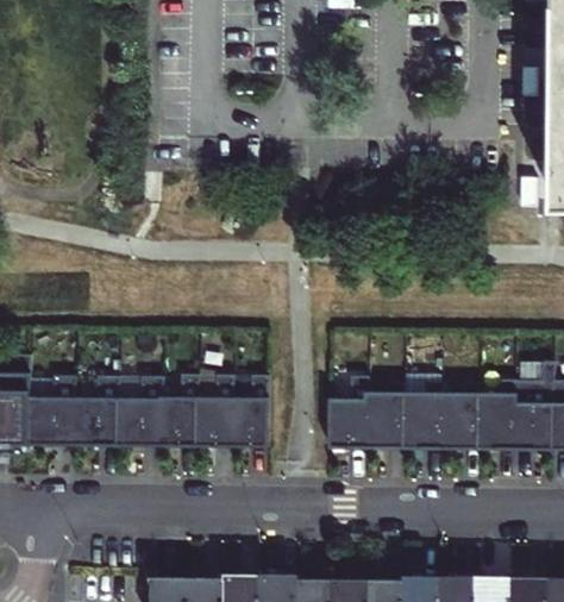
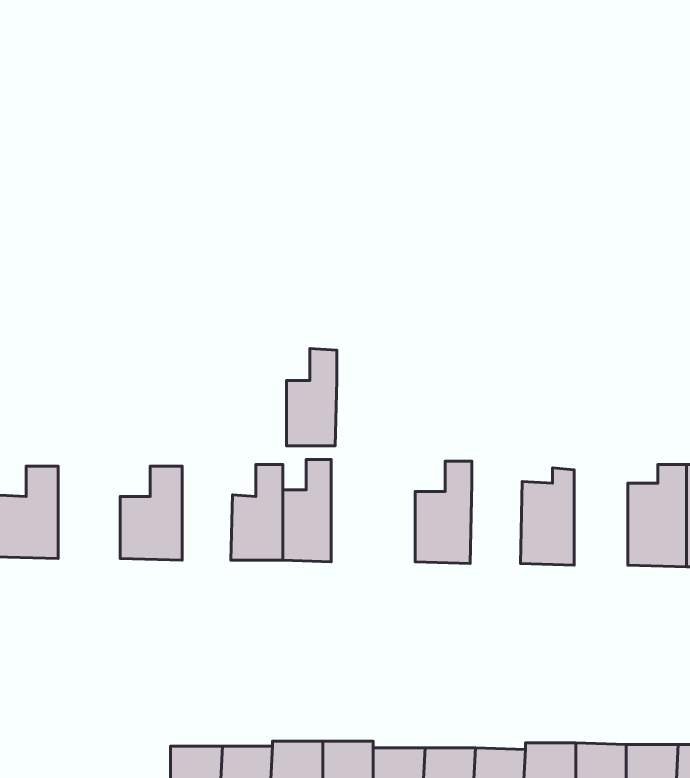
building: [162,376,198,445] -> [286,349,337,446]
building: [74,378,118,444] -> none
building: [366,380,403,447] -> none
building: [440,381,478,449] -> none

